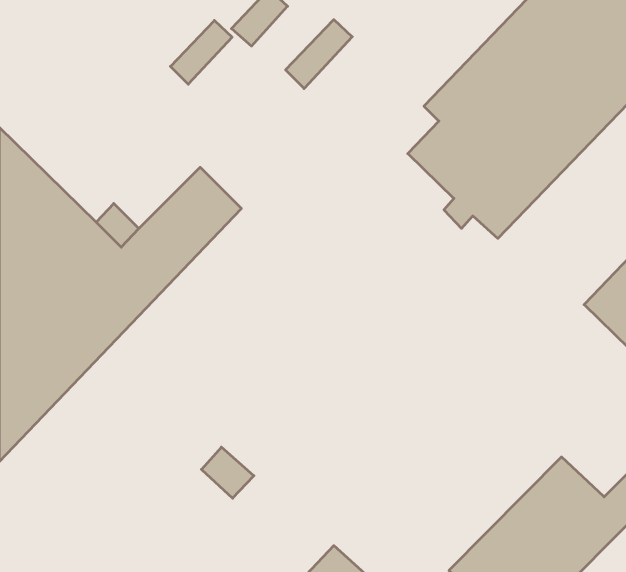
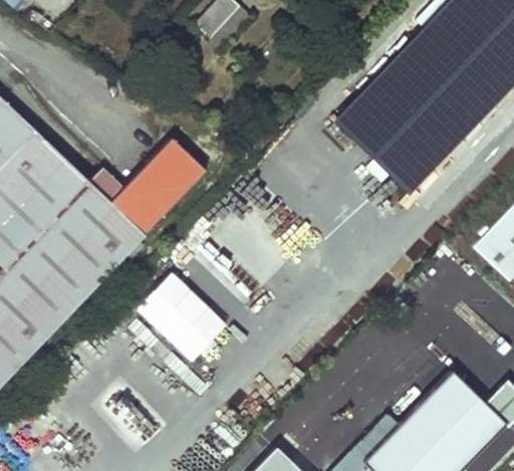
building: [286,20,352,89] -> none
building: [170,20,232,84] -> none
building: none -> [135,269,230,365]

